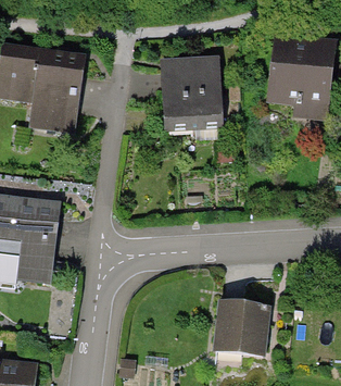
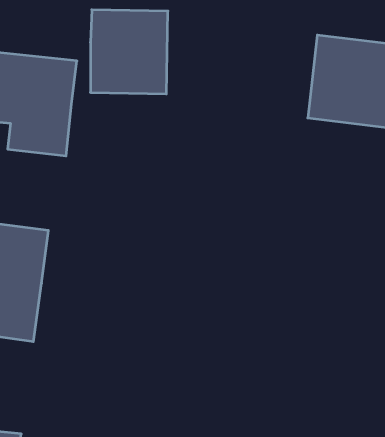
building: [162,60,224,127] -> [90,10,168,94]
building: [204,299,264,353] -> none

